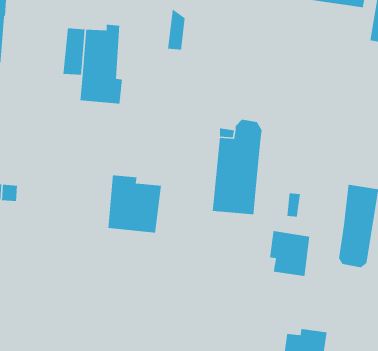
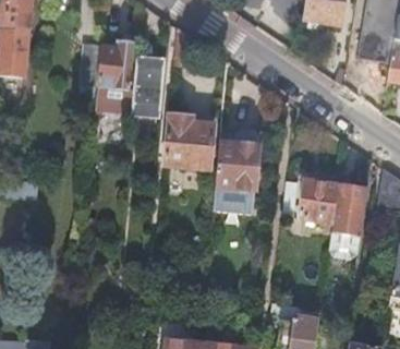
building: none -> [131,59,165,117]
building: [108,174,162,233] -> [165,113,214,167]
building: [269,230,310,277] -> [300,179,337,221]

